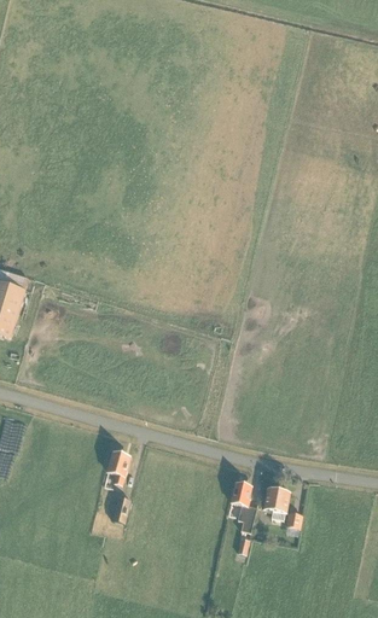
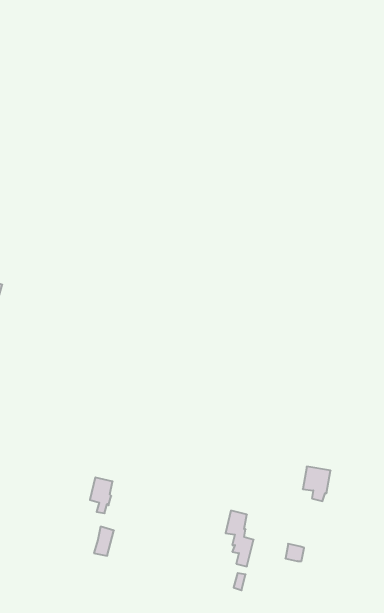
building: [263,486,289,518] -> [303,467,331,501]

